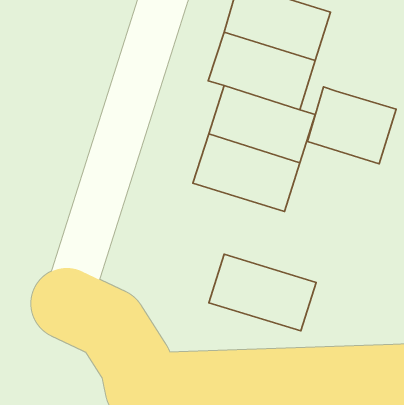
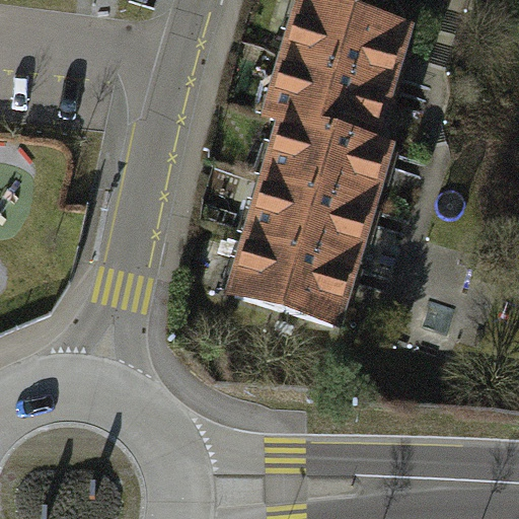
building: [307,87,396,164] -> none
building: [209,254,316,331] -> [223,230,358,326]

